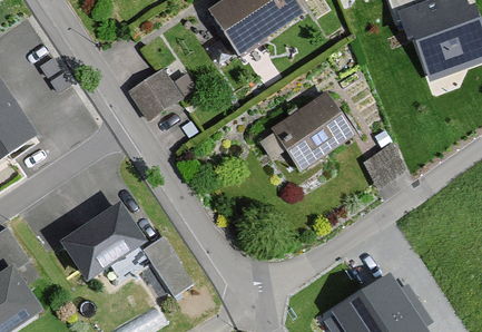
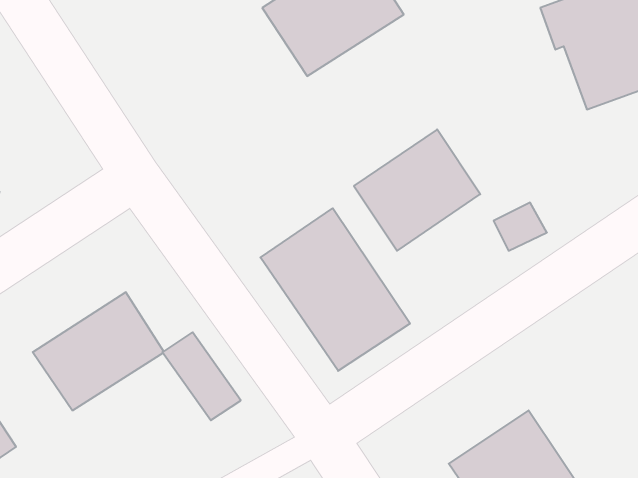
building: [127,67,181,120] -> none
building: none -> [260,208,410,371]

